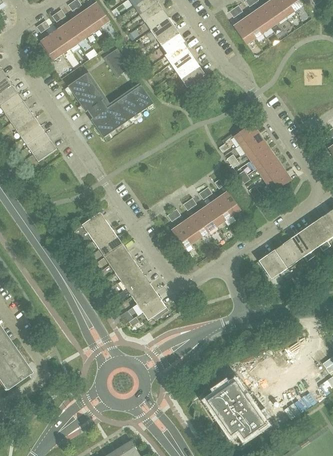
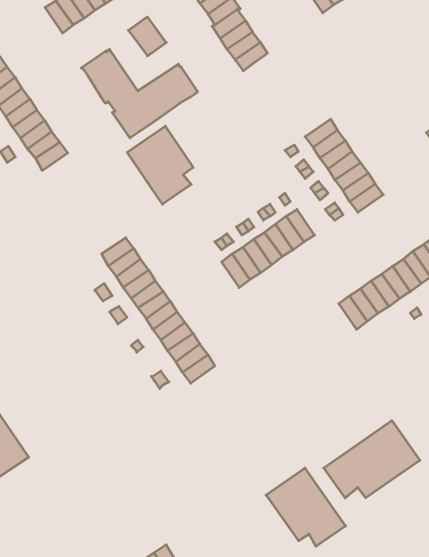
building: none -> [127,126,193,204]
building: none -> [324,421,420,498]

